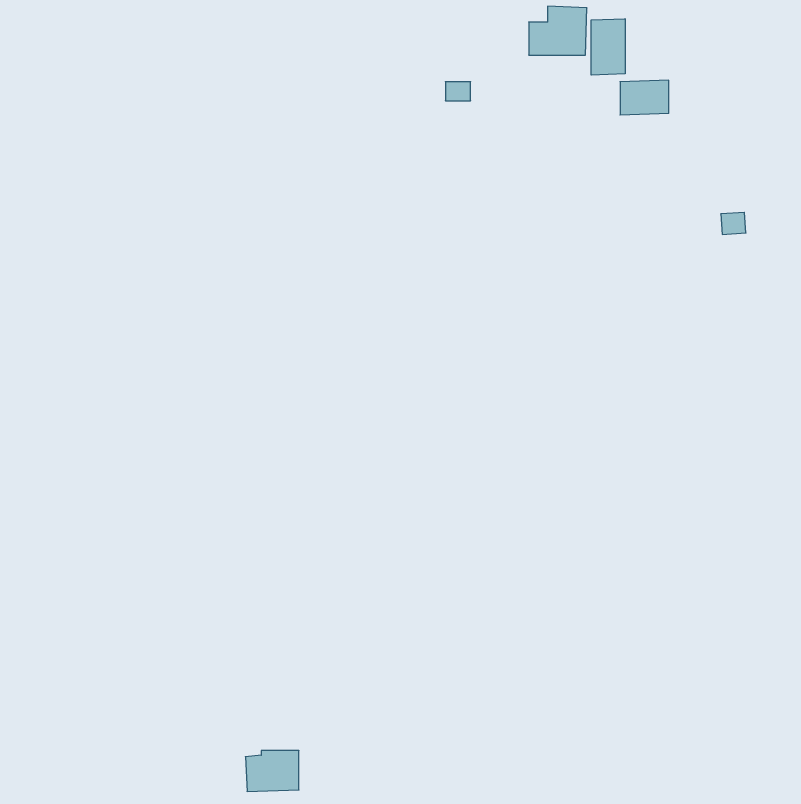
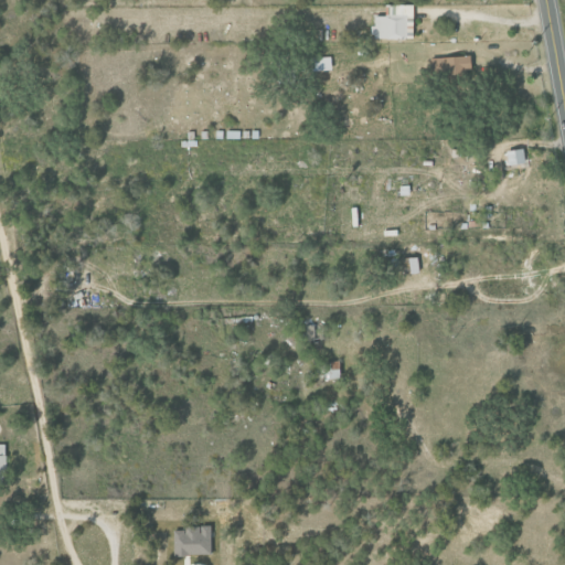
building: [591,19,625,75] -> none

